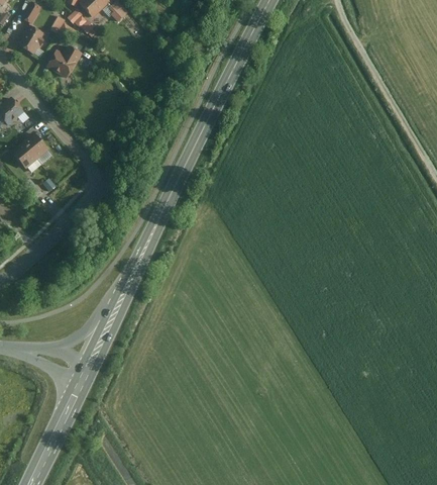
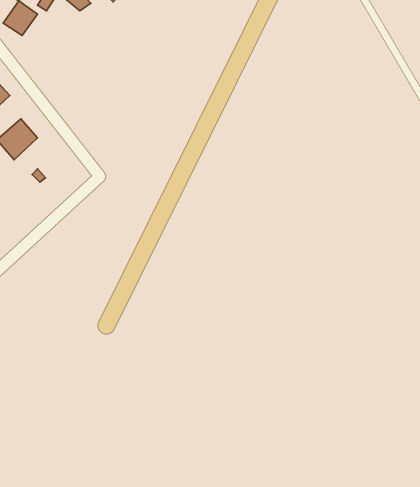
building: [45,44,84,80] -> none

